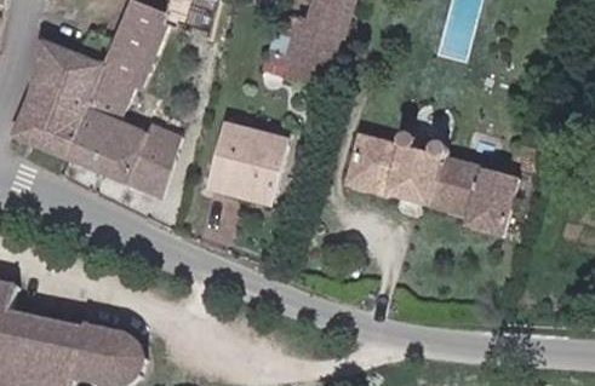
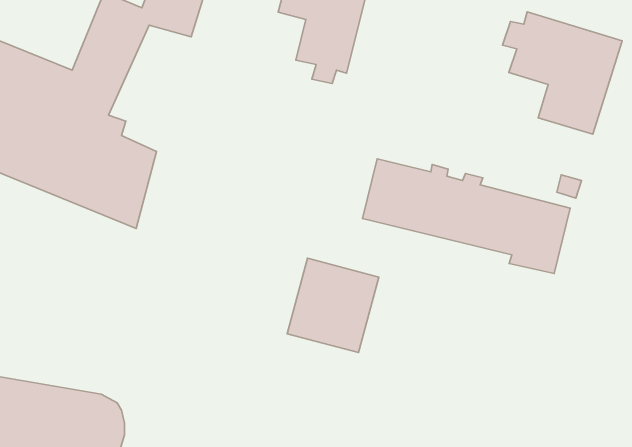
building: none -> [503,12,622,134]
building: [210,126,286,204] -> [287,258,379,353]

